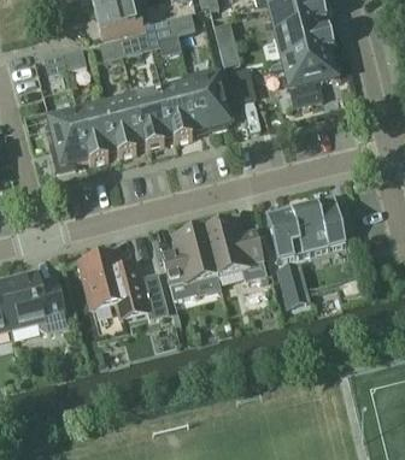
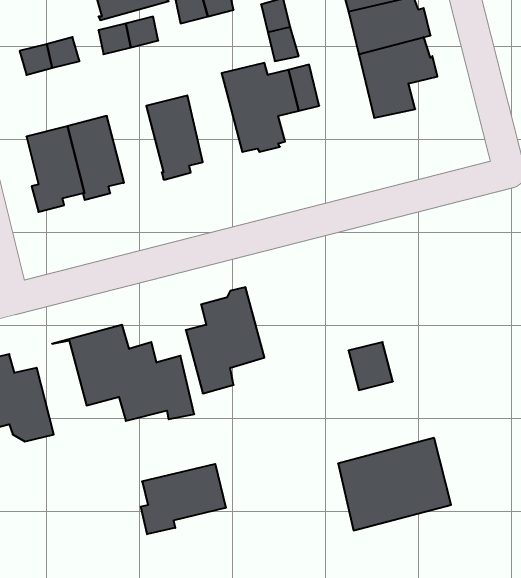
building: [162,83,200,141] -> none
building: [105,96,145,155] -> none
building: [265,194,345,259] -> [338,438,451,530]
building: [202,219,266,281] -> none
building: none -> [141,464,226,534]

